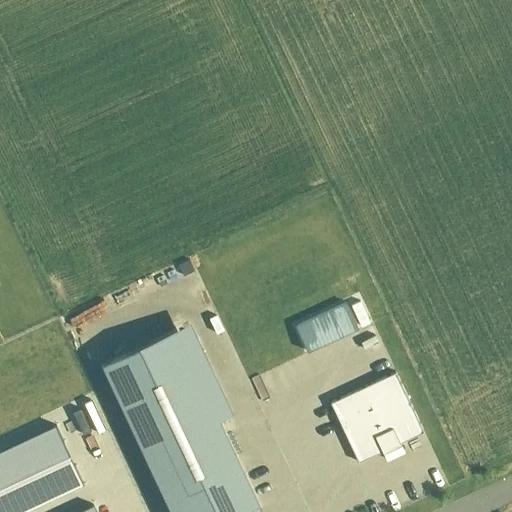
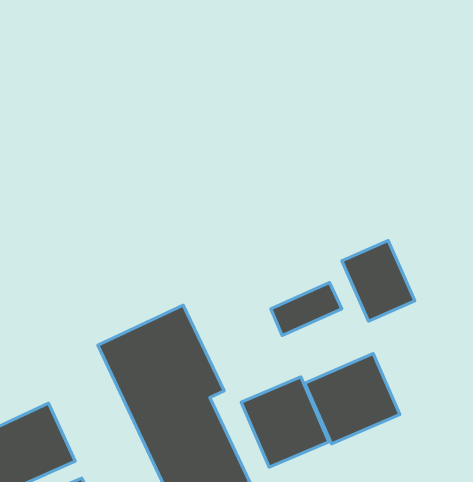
building: none -> [342,241,415,321]
building: none -> [241,377,329,467]

